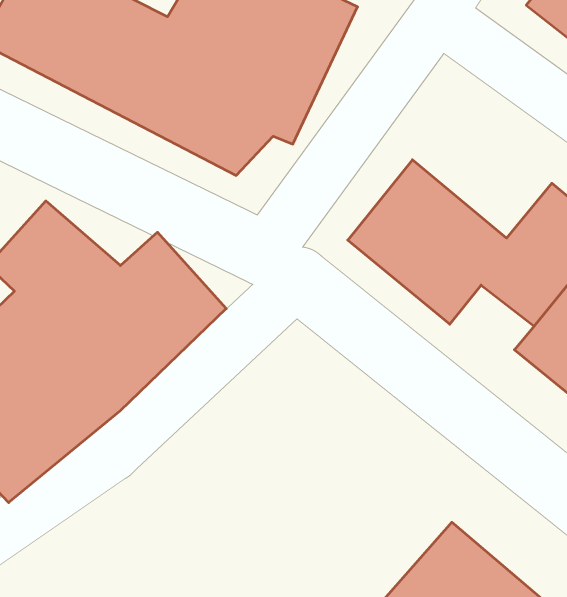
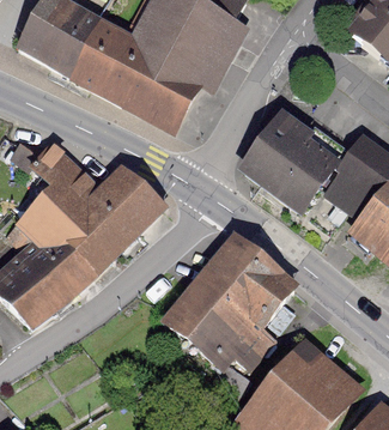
building: none -> [166,237,292,364]

